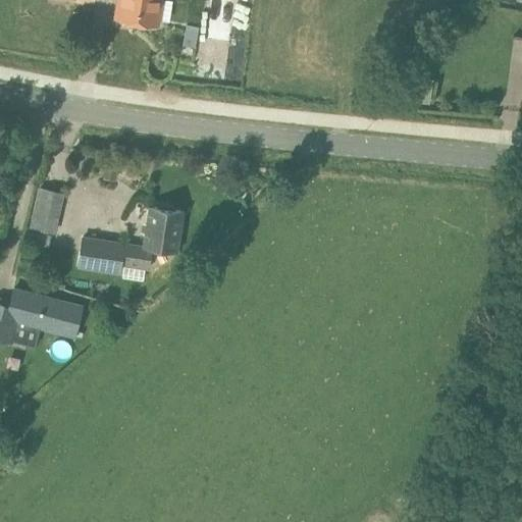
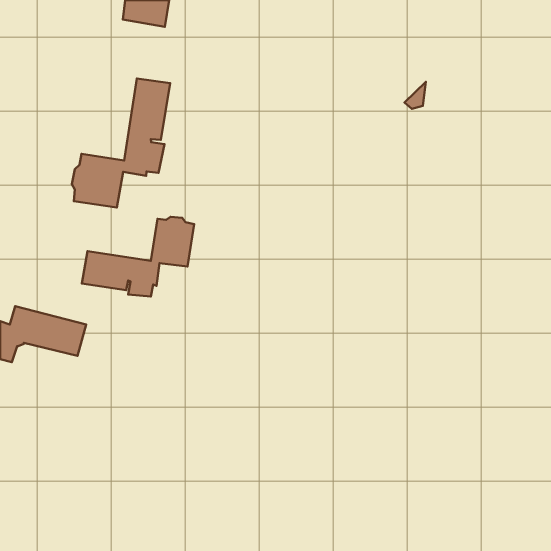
building: none -> [72,79,170,208]
building: [31,188,64,234] -> none

